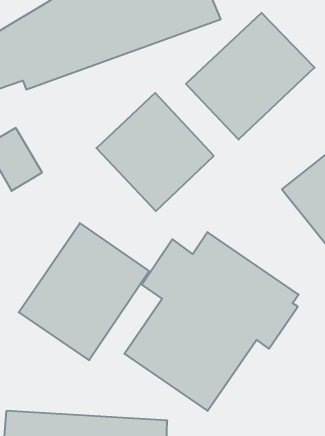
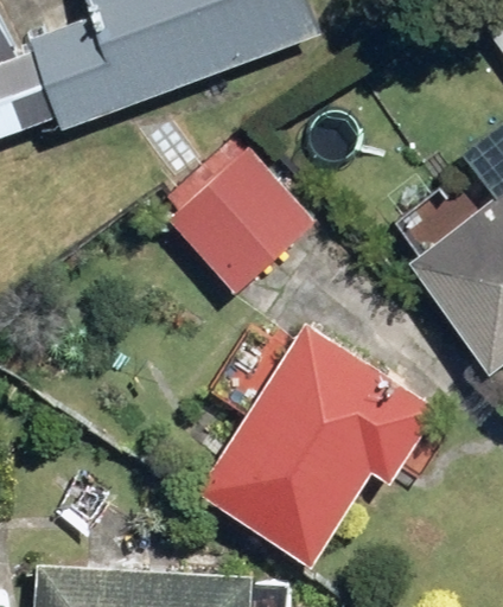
building: [186,13,315,140] -> none
building: [19,223,149,360] -> none

